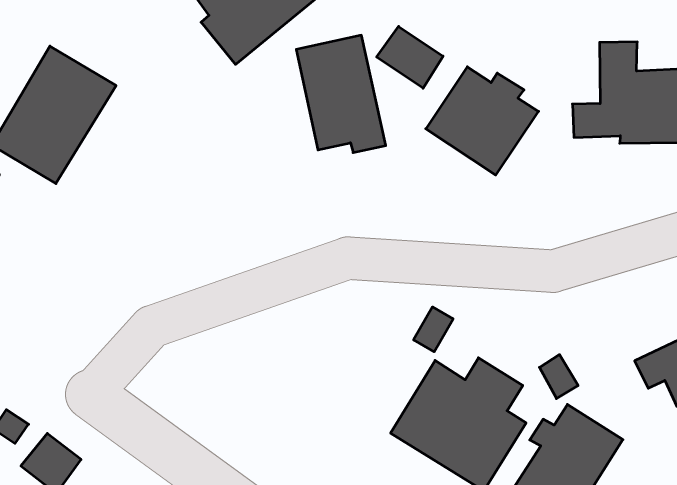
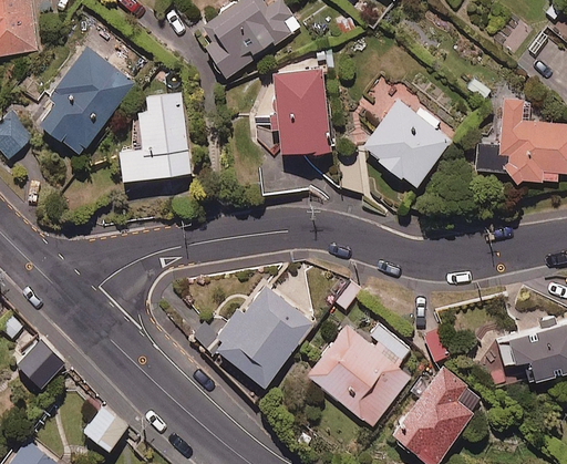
building: [377,26,443,88] -> none
building: none -> [115,91,186,177]
building: none -> [208,286,311,385]

